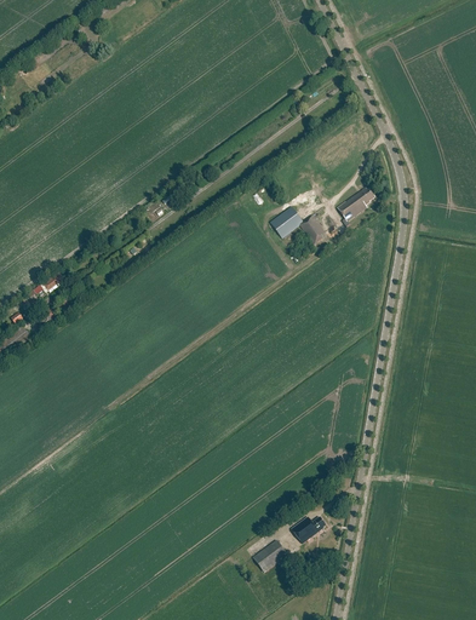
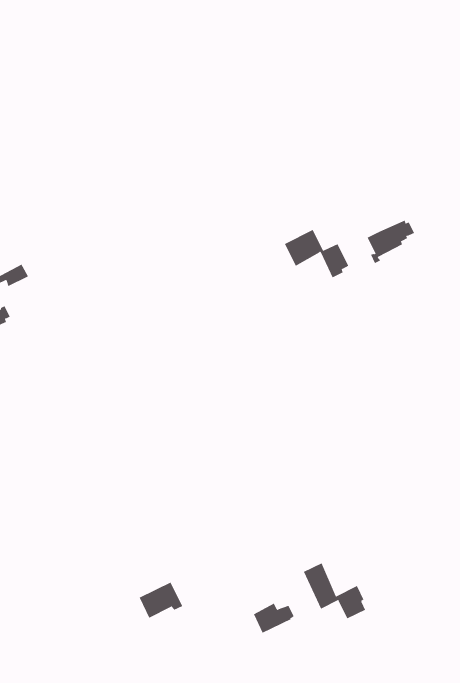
building: none -> [303,562,366,619]
building: [253,539,291,572] -> [139,582,183,618]

